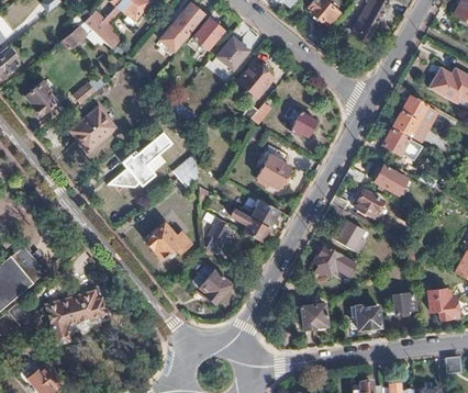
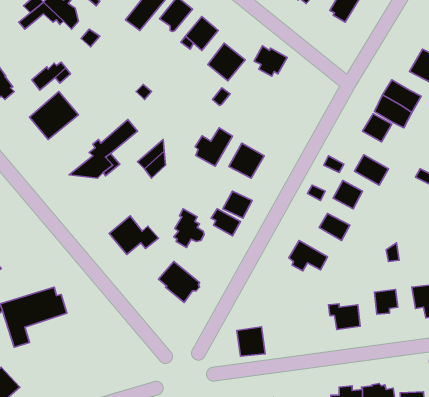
building: [285,109,315,137] -> [254,46,287,76]
building: none -> [195,128,233,166]
building: [300,302,326,329] -> [237,327,265,356]

